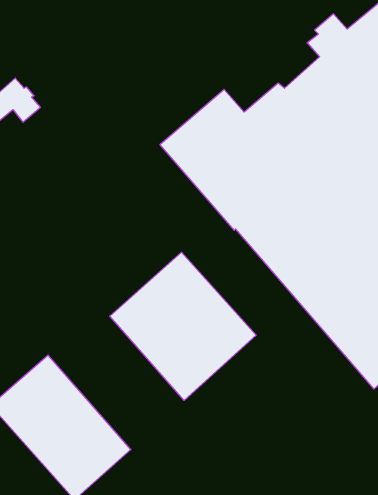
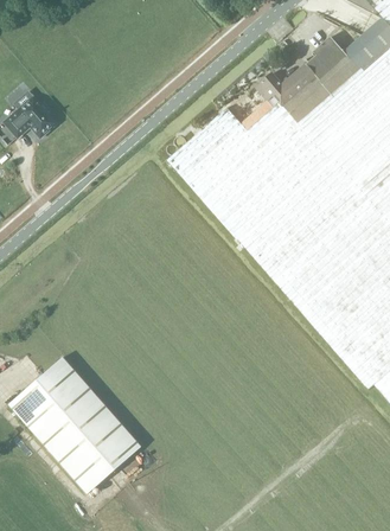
building: none -> [256,63,318,105]
building: [110,252,256,400] -> none

